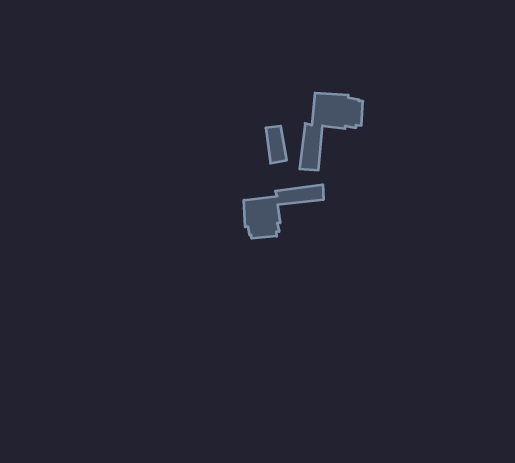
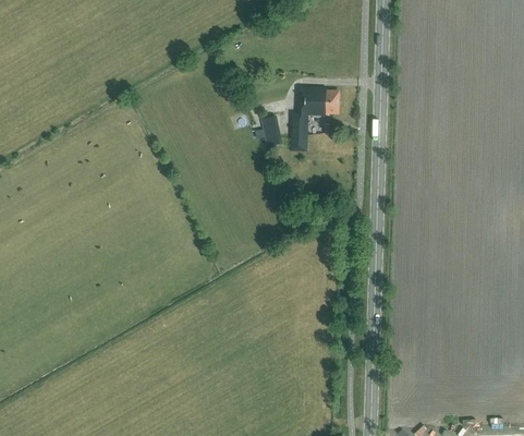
building: [244,185,323,238] -> none

